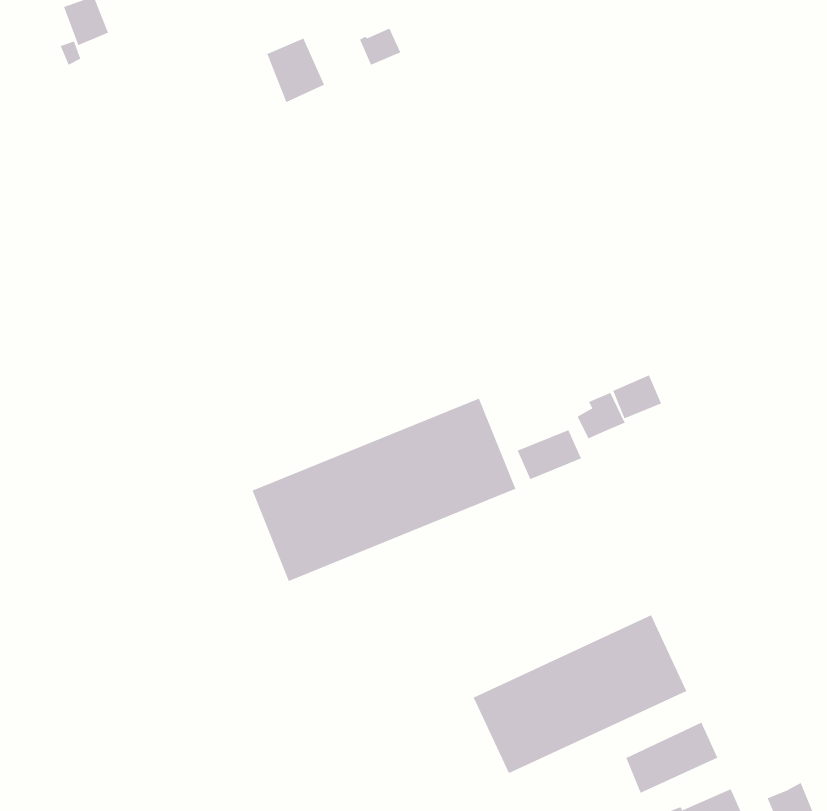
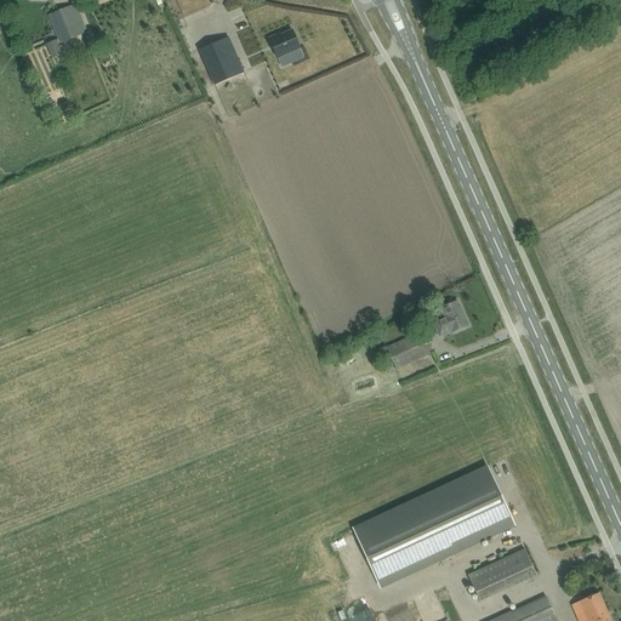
building: [612,374,662,419] -> none
building: [252,398,516,582] -> none

